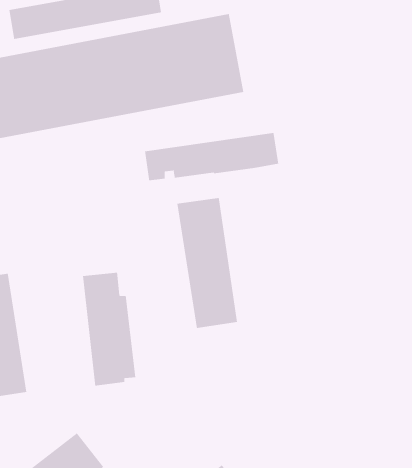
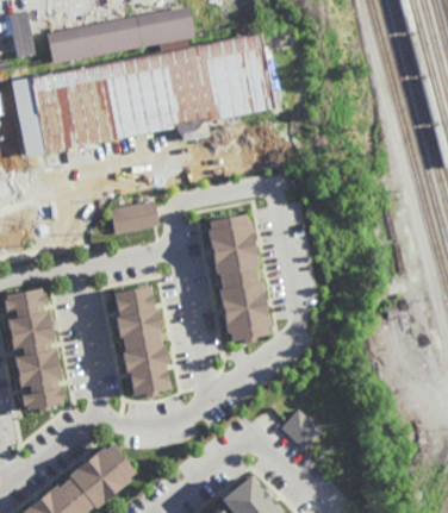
building: [145,132,279,181] -> none
building: none -> [110,201,158,233]
building: none -> [280,409,321,450]

